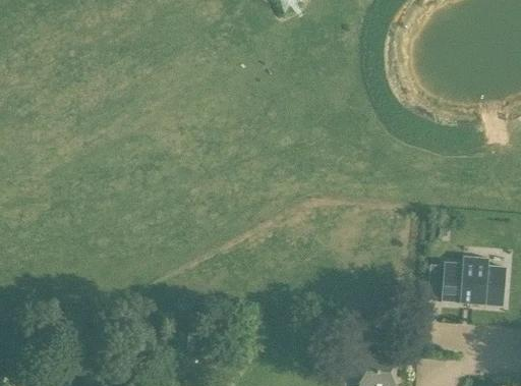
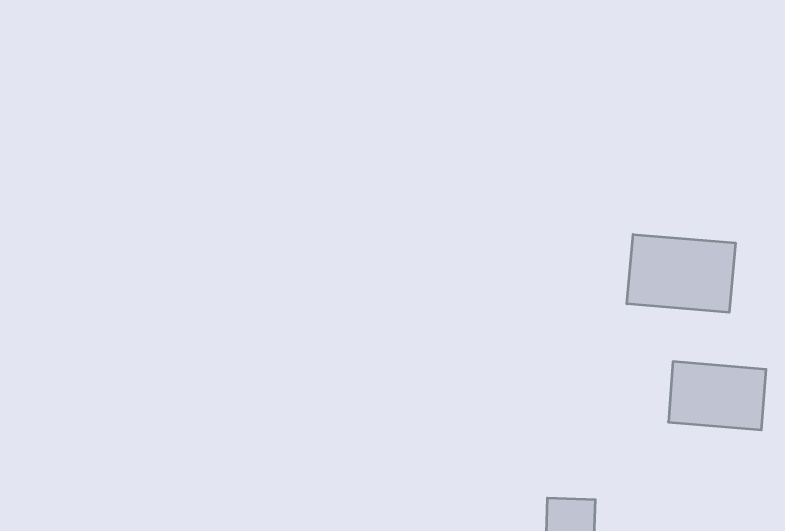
building: none -> [627,234,735,312]

